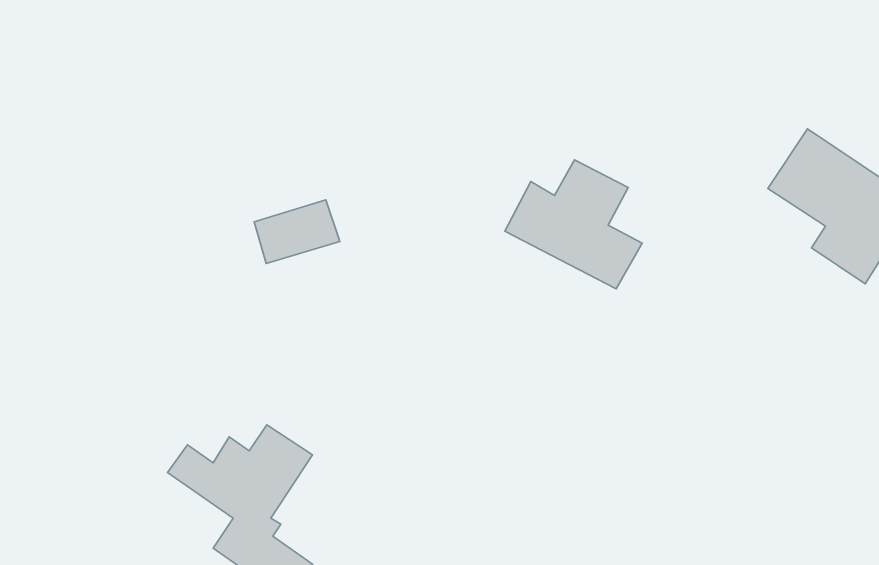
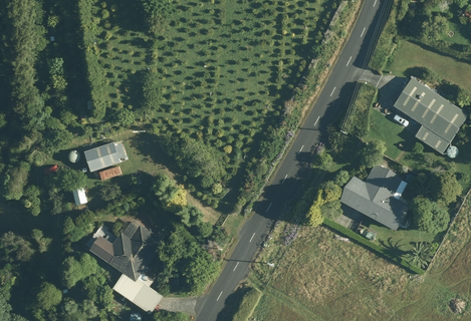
building: [505,160,642,289] -> [339,165,409,230]
building: [254,200,340,263] -> [84,139,128,172]

